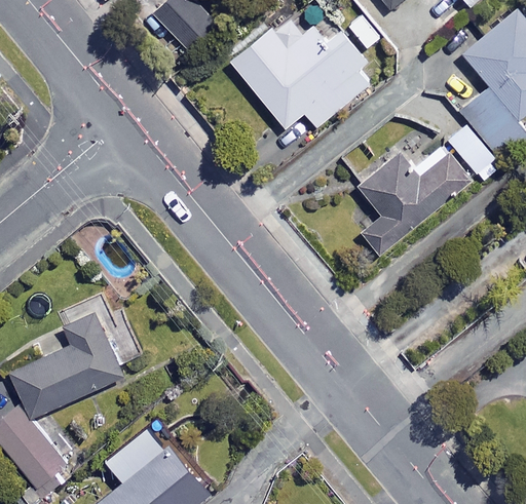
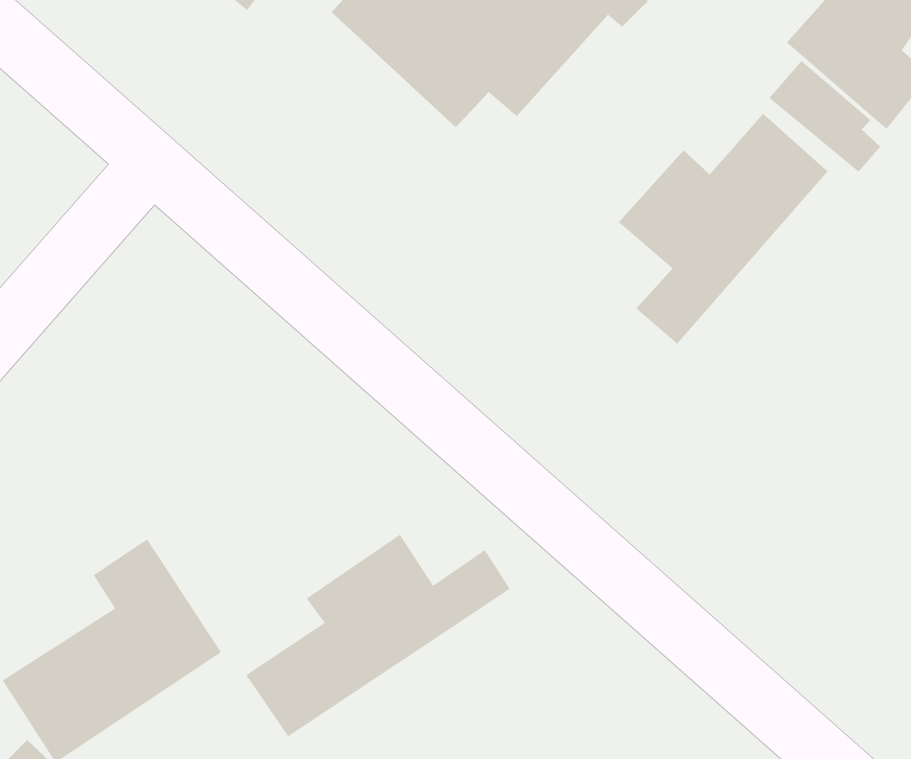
building: none -> [246,534,511,737]

